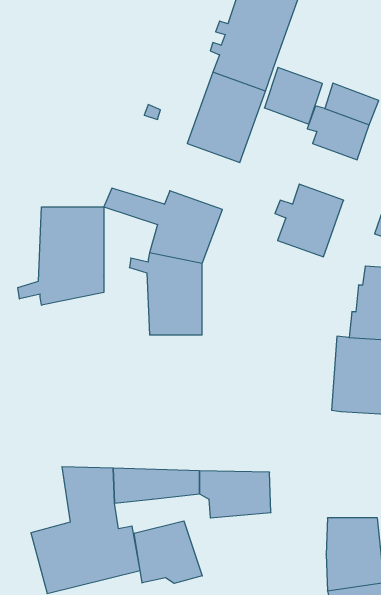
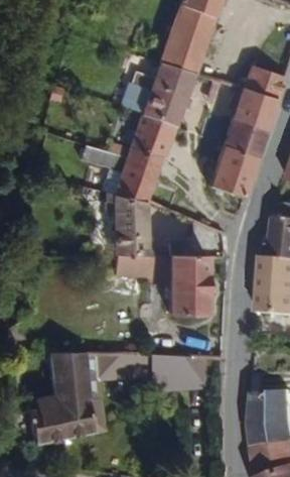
building: [264,67,322,124] -> [226,111,269,153]
building: none -> [129,111,181,160]
building: [18,207,104,305] -> none
building: none -> [114,254,219,314]
building: [134,521,202,583] -> none

